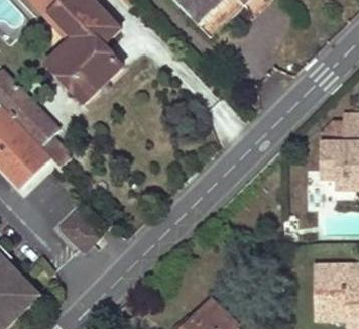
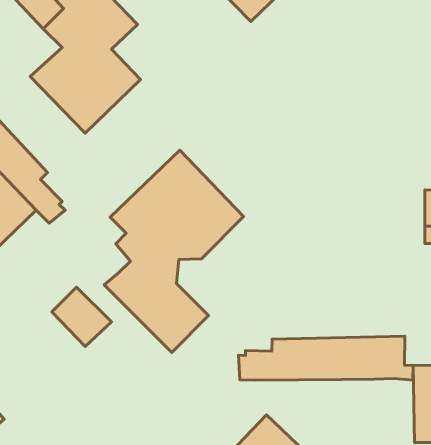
building: none -> [104,150,244,352]
building: none -> [239,336,413,380]

